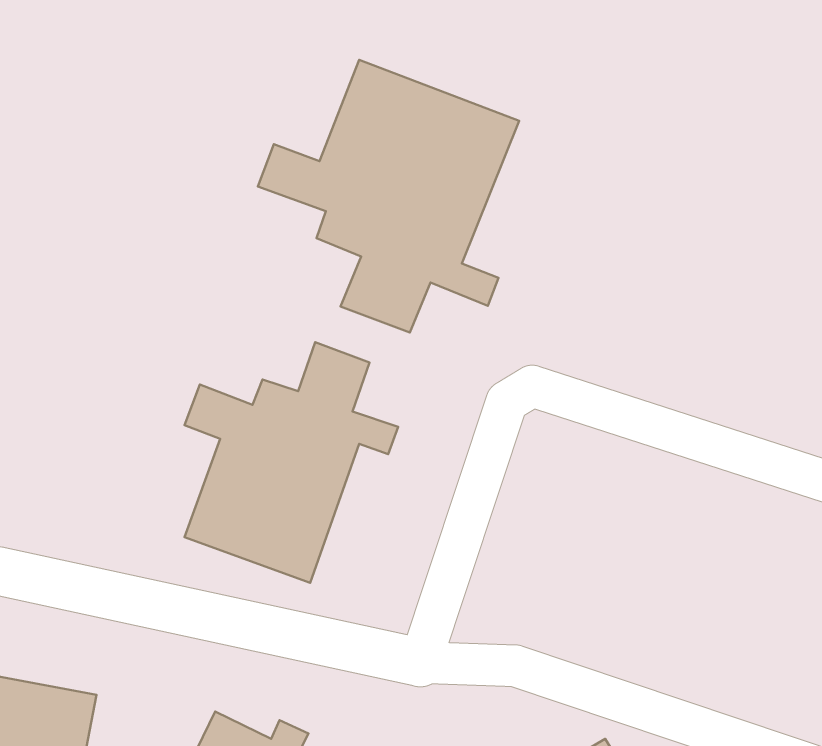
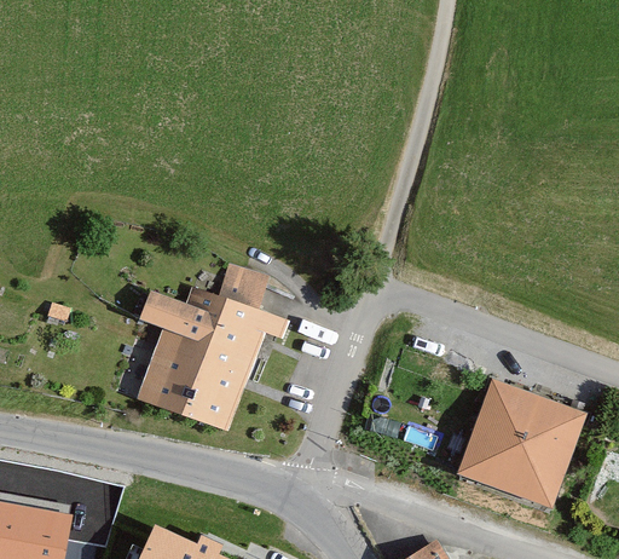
building: [258,60,519,333] -> none
building: none -> [457,382,583,509]

